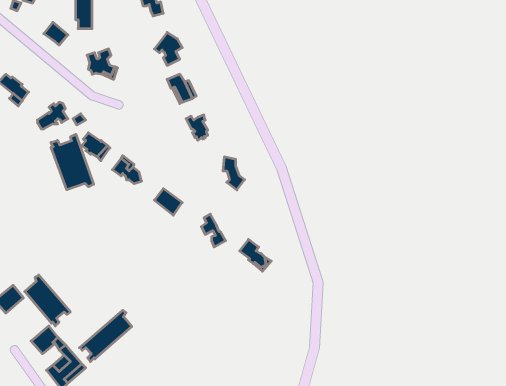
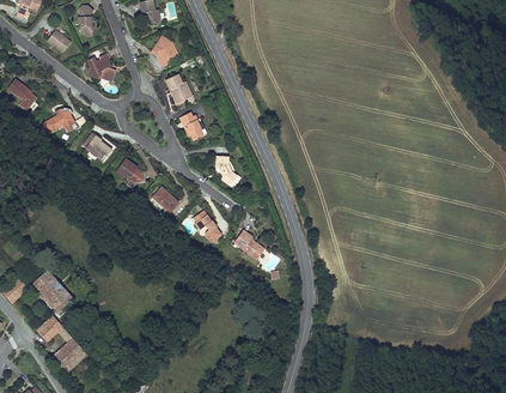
building: [51,134,94,190] -> none
building: [79,310,132,362] -> none

